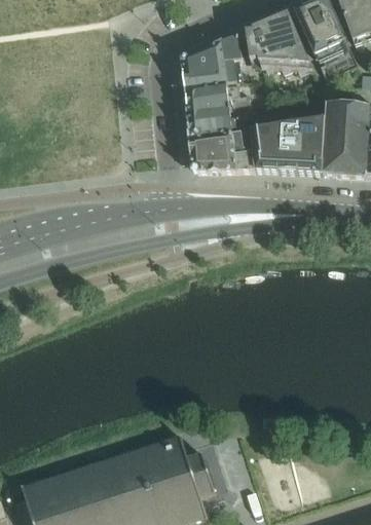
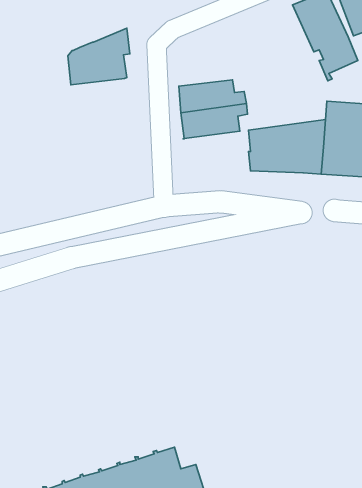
building: [246,13,312,73] -> none
building: [182,34,242,88] -> [68,28,130,85]
building: [189,132,254,171] -> none

